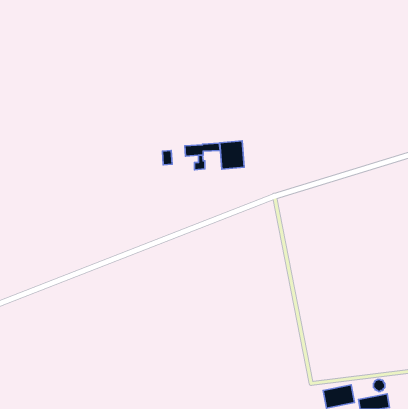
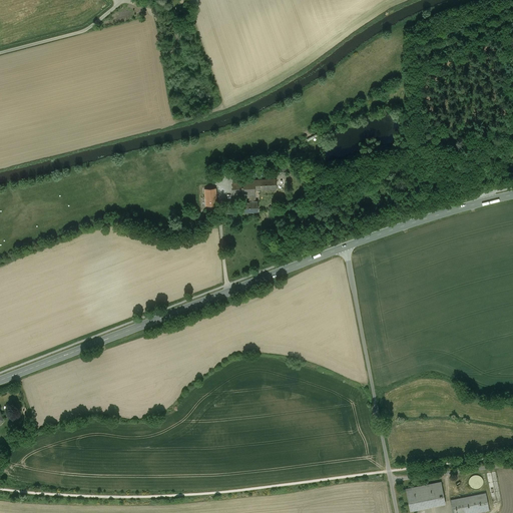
building: [220,141,244,169] -> none

